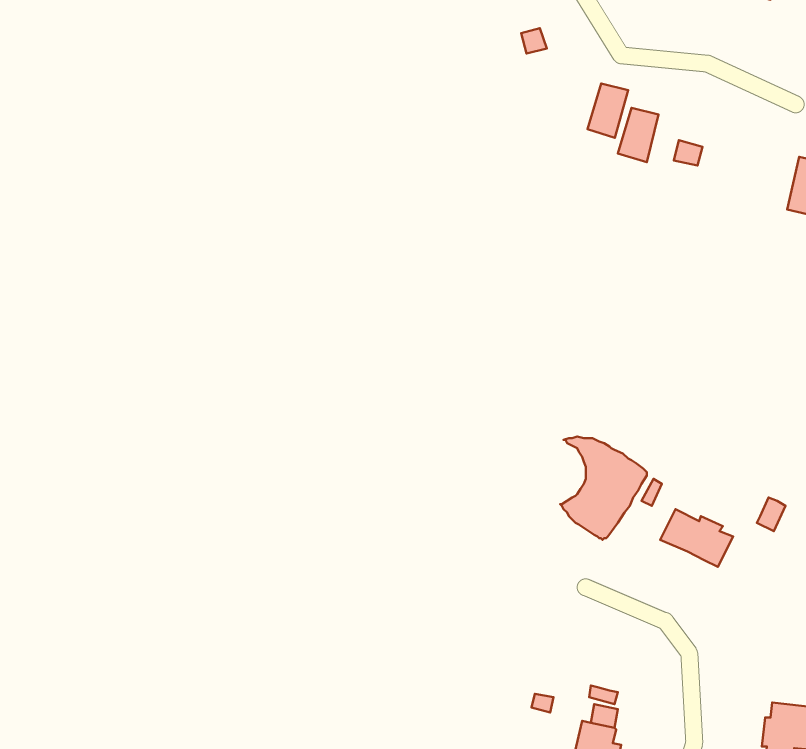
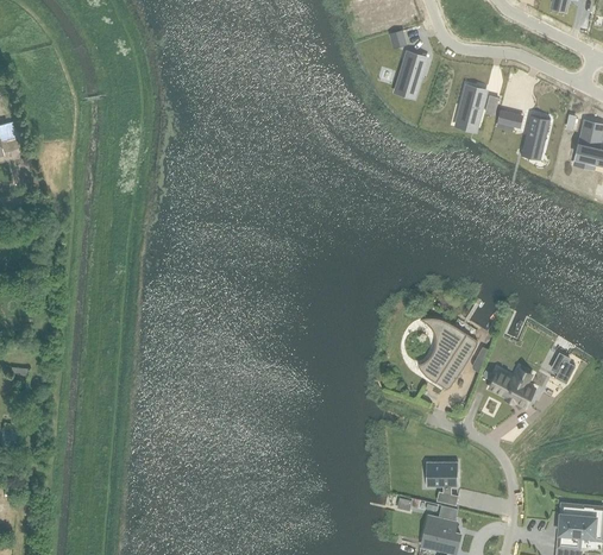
building: [588,84,628,138] -> [397,52,426,90]
building: none -> [521,114,549,153]
building: none -> [426,461,456,485]

